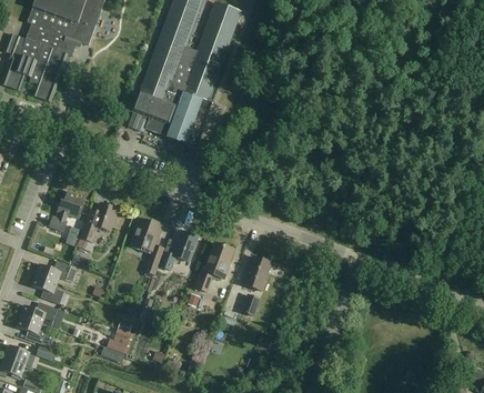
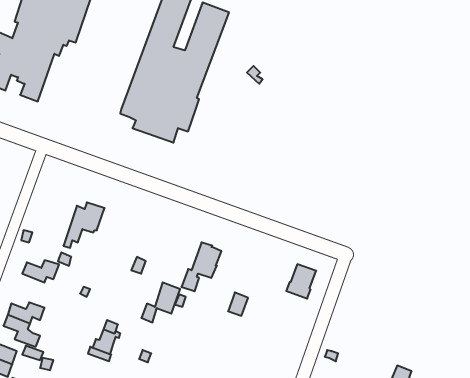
building: [49,191,83,231] -> none
building: [129,219,162,252] -> none
building: [159,231,198,271] -> [141,282,180,322]
building: [241,256,271,291] -> [286,264,316,299]
building: [31,274,63,304] -> none

